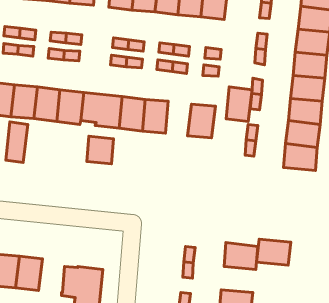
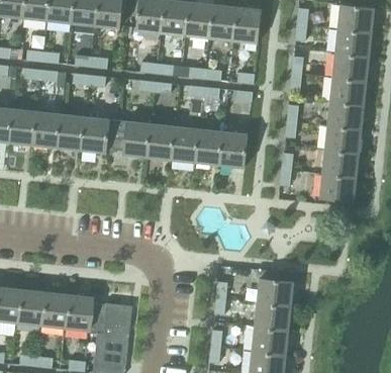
building: [226,87,252,122] -> [195,128,222,165]
building: [6,122,28,163] -> none
building: [87,136,113,164] -> none
building: [256,239,291,265] -> [254,302,290,330]
building: none -> [62,294,90,330]

